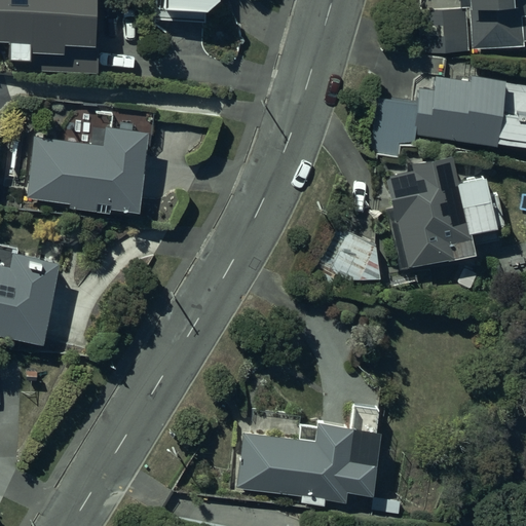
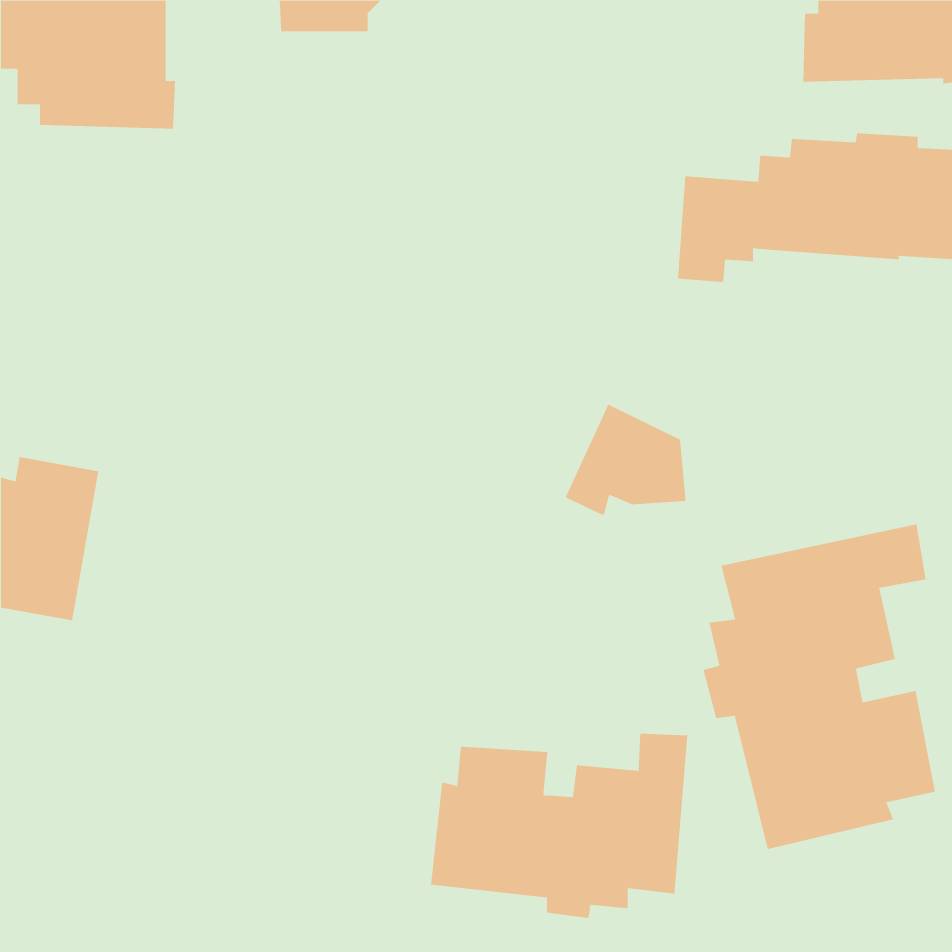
building: [28,125,148,217] -> none
building: [386,154,506,270] -> none
building: none -> [703,523,935,850]

